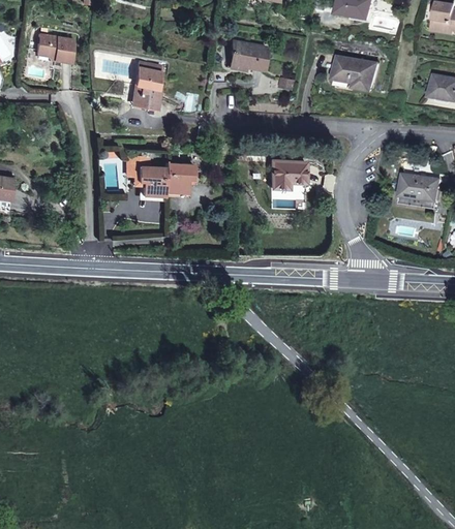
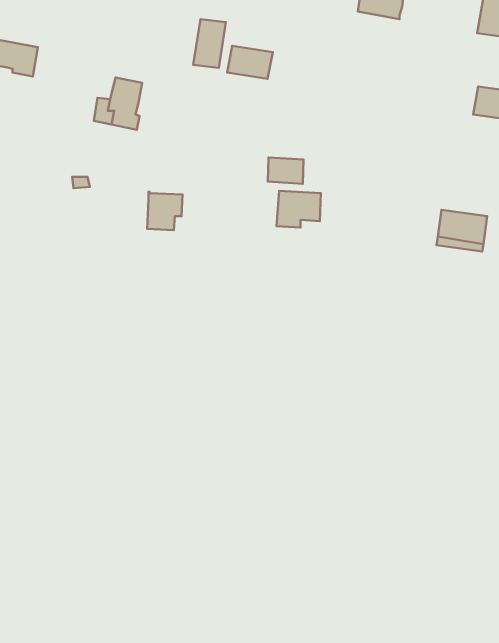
building: none -> [193,19,226,68]
building: [334,56,378,91] -> none
building: none -> [268,157,304,184]
building: [126,155,166,195] -> none

